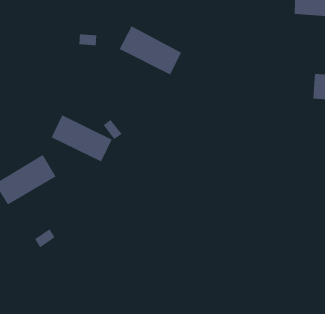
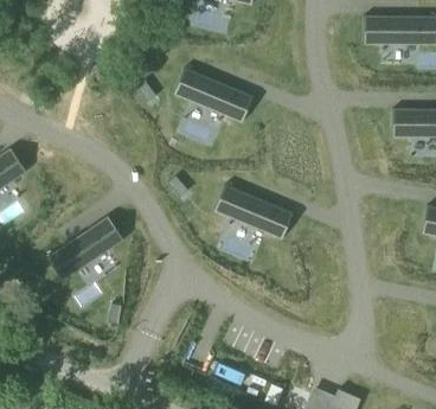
building: [51,115,113,162] -> [219,187,288,237]

